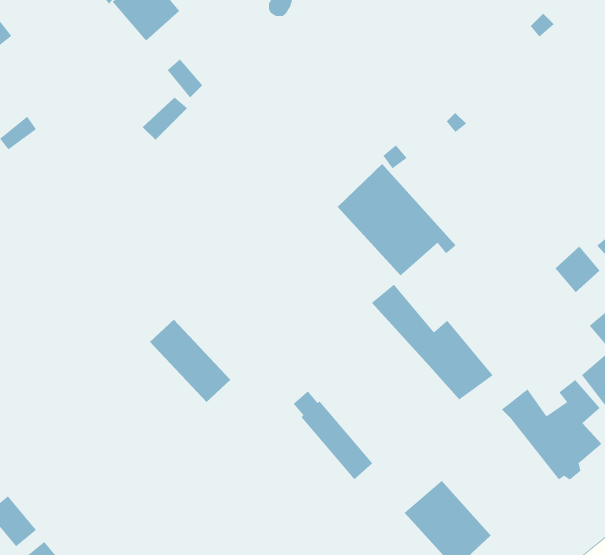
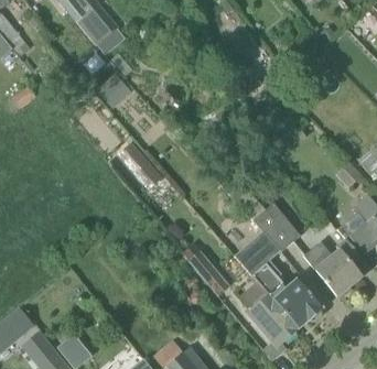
building: [337,163,457,276] -> none
building: [149,319,231,403] -> [115,141,162,189]
building: none -> [233,229,322,327]

